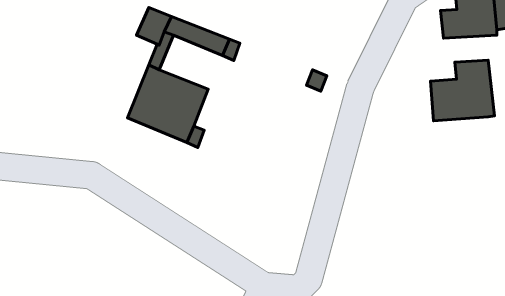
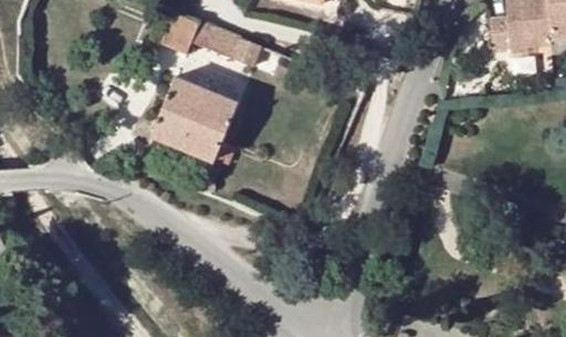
building: [430,60,494,121] -> none

